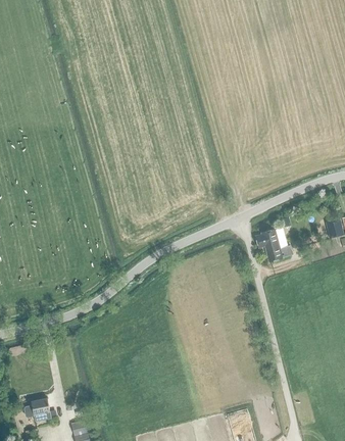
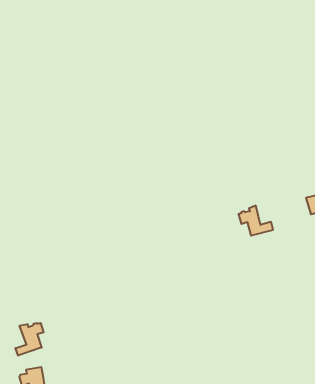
building: none -> [15,323,44,356]

